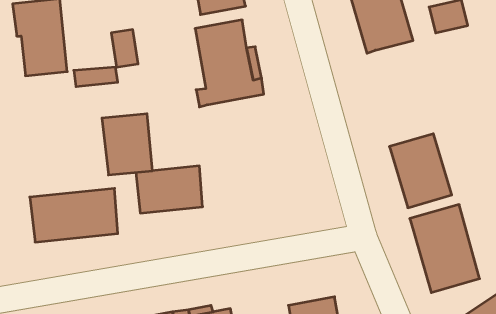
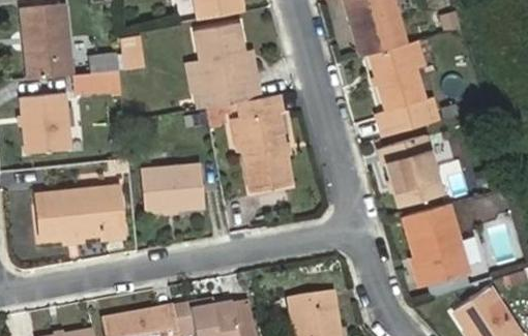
building: none -> [370,39,439,135]
building: none -> [239,93,292,190]
building: [102,114,152,175] -> [21,93,69,152]

